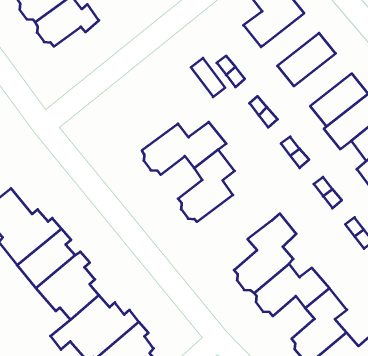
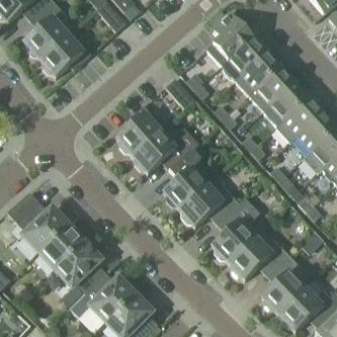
building: none -> [221,36,265,80]
building: none -> [248,67,293,110]
building: none -> [115,105,158,155]
building: none -> [178,181,238,227]

